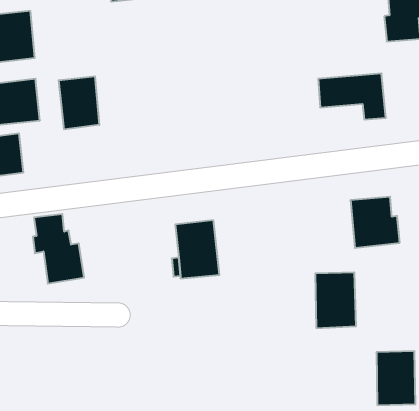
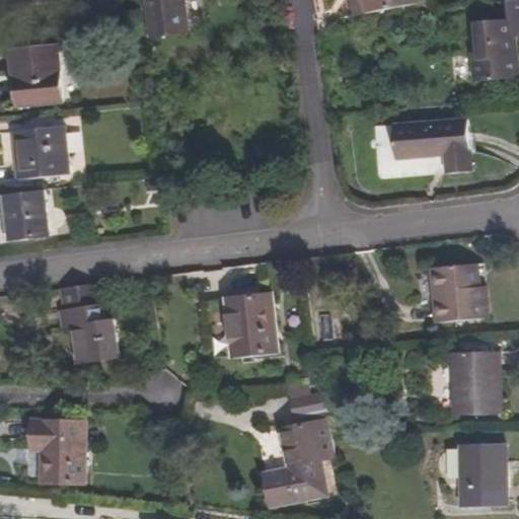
building: [59,76,99,129] -> none
building: [315,272,356,328] -> [452,350,500,415]
building: none -> [288,383,324,415]
building: none -> [264,418,333,506]
building: none -> [30,420,84,481]

